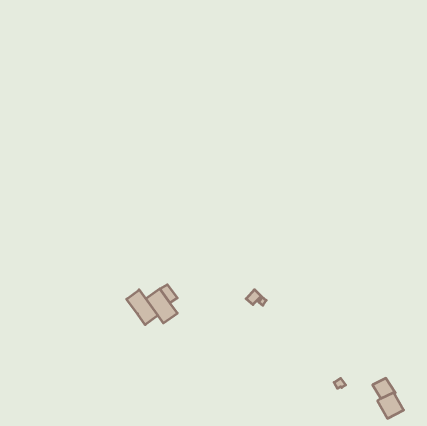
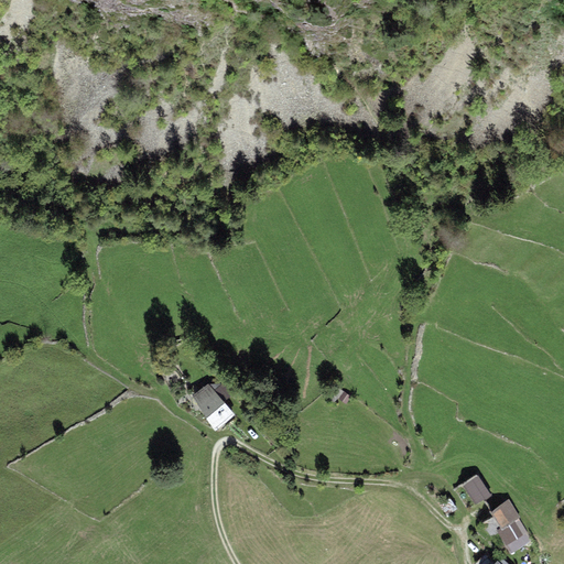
building: [127,290,158,325] -> none
building: none -> [460,474,490,507]

